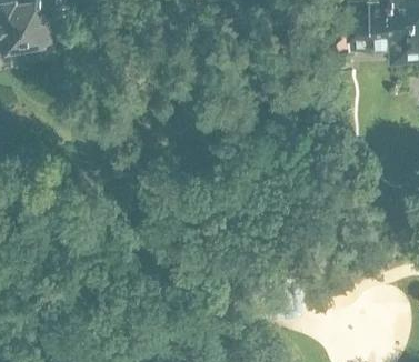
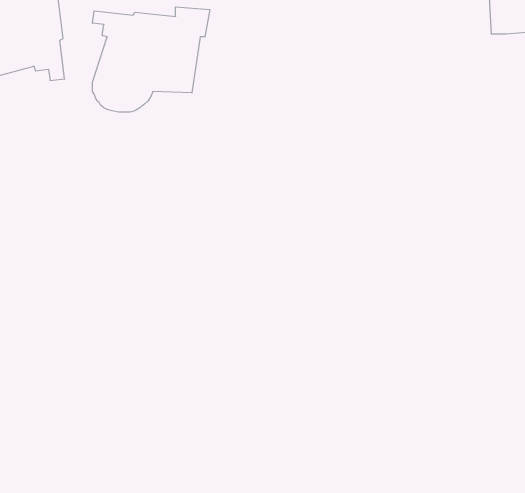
building: none -> [92,7,210,112]

